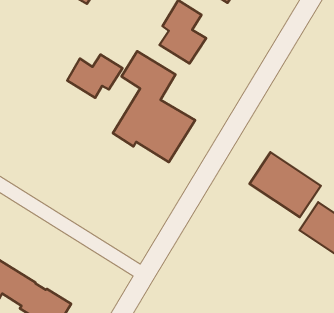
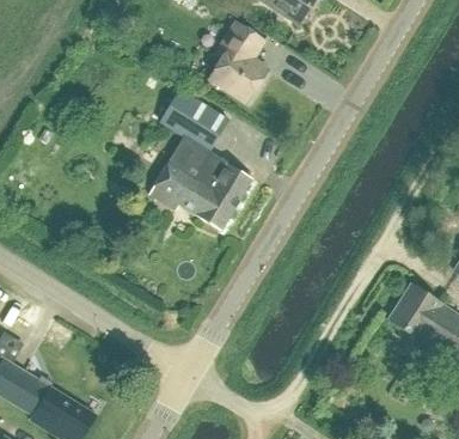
building: [67,55,123,98] -> none
building: [250,152,321,217] -> none

